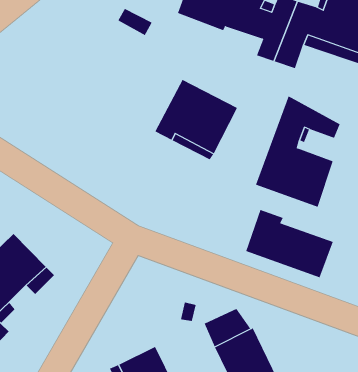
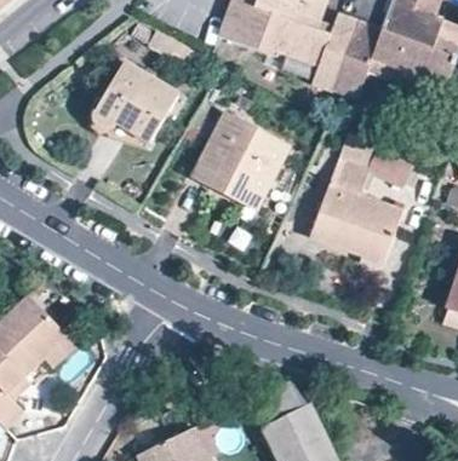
building: none -> [95,62,178,143]
building: [246,209,333,278] -> none

